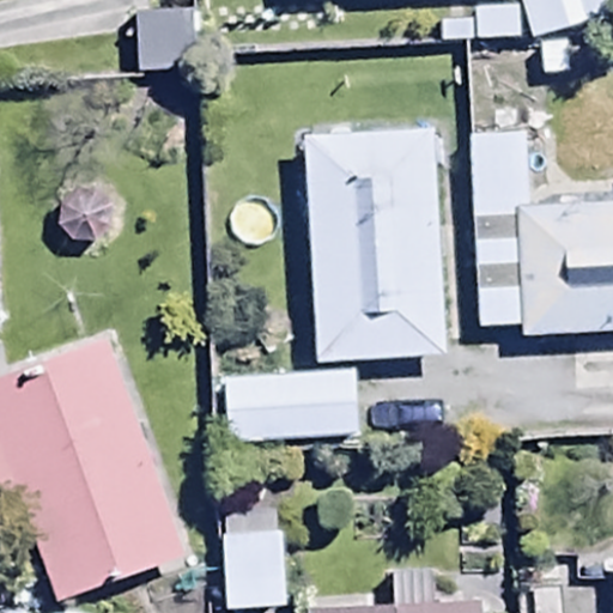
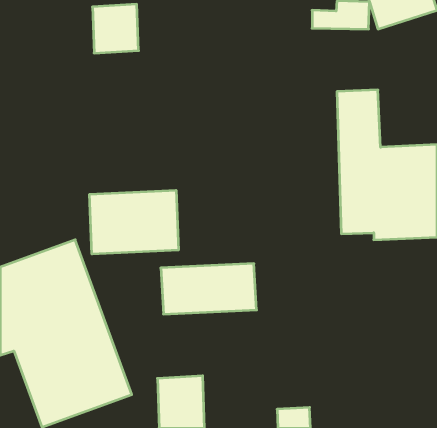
building: [305,126,445,360] -> none
building: none -> [90,190,178,254]

